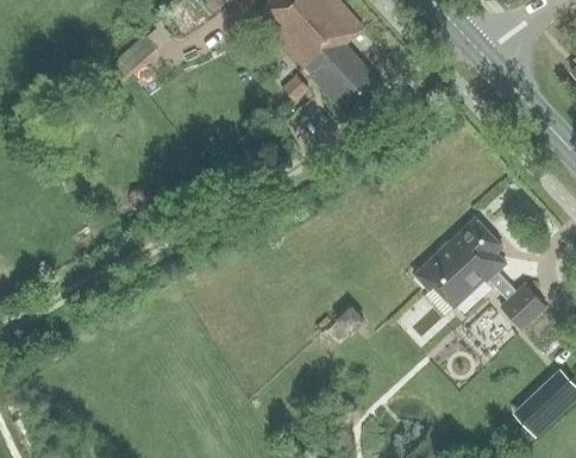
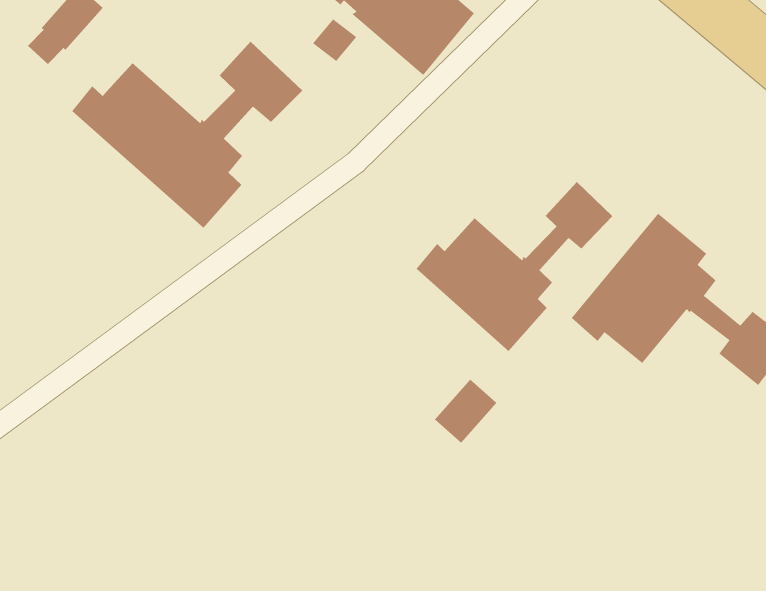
building: none -> [71,41,303,229]
building: none -> [416,181,613,352]

